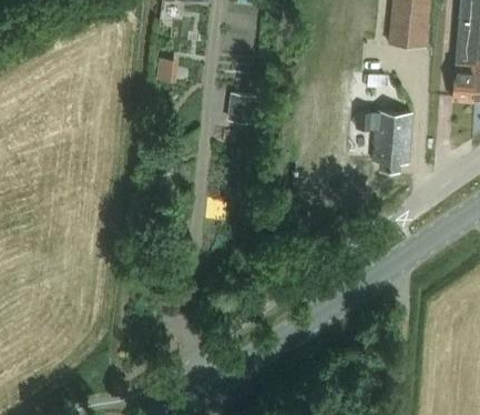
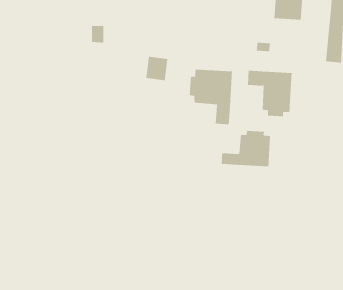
building: none -> [189,69,233,125]
building: none -> [221,130,271,167]

